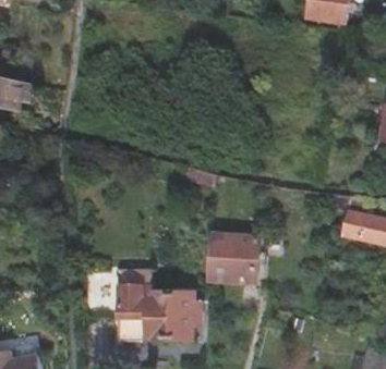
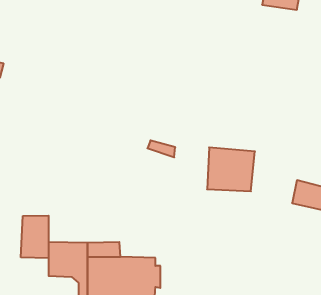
building: [206,233,258,281] -> [207,147,255,191]
building: none -> [21,216,49,258]

